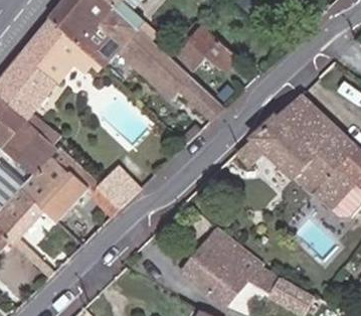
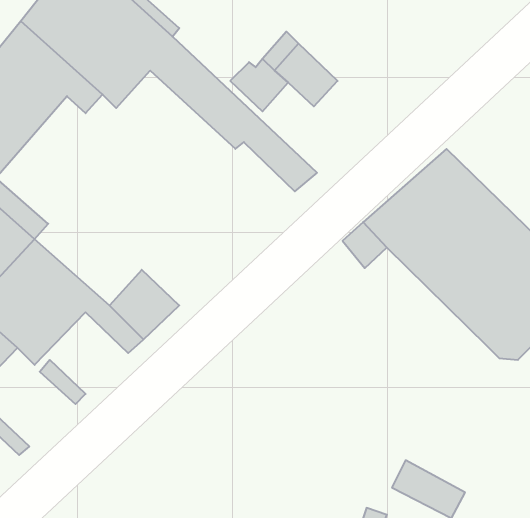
building: [180,229,257,306] -> none

